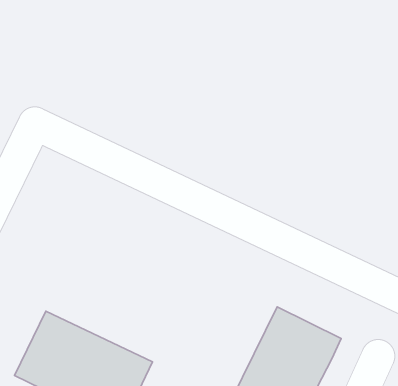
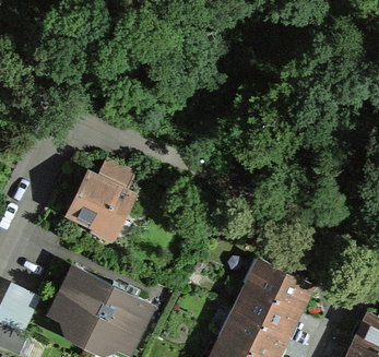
building: none -> [60,166,140,241]

